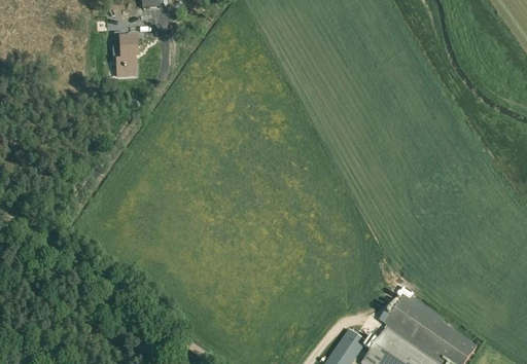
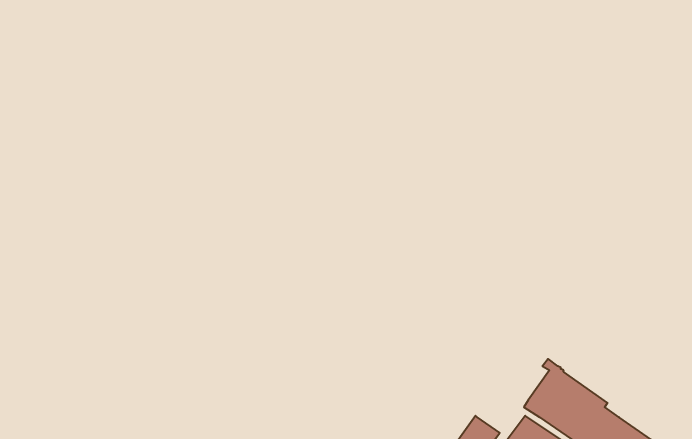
building: [119,38,138,77] -> none

